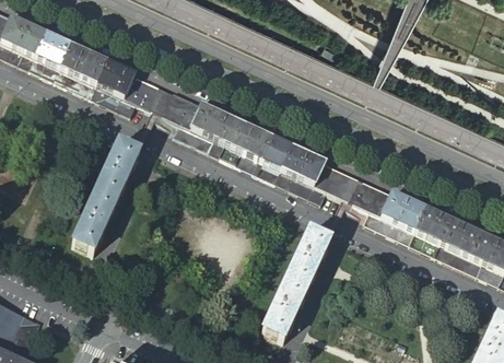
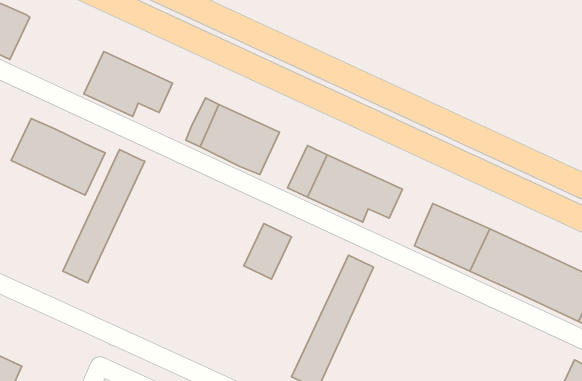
building: [28,28,106,92] -> [11,118,105,195]
building: [152,83,190,119] -> none
building: [235,124,274,169] -> [244,224,291,279]
building: [342,171,378,207] -> none

